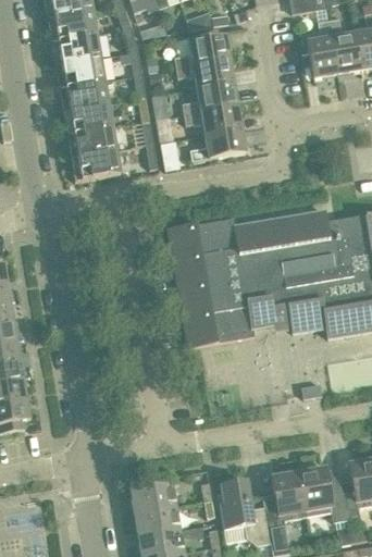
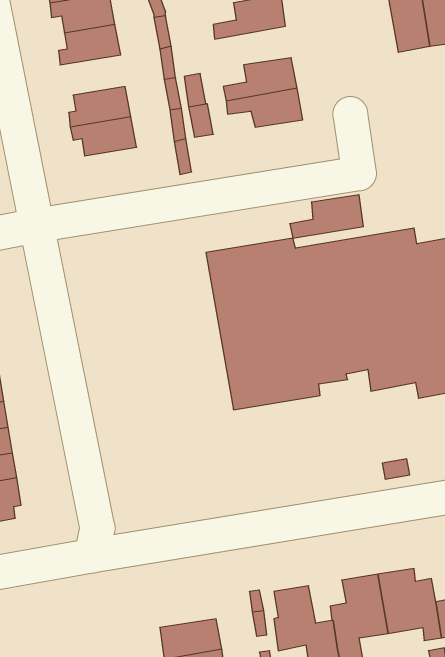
building: [175,58,233,87] -> none
building: [59,79,108,110] -> none
building: [189,128,245,161] -> [290,195,363,238]
building: [73,149,121,181] -> none
building: [129,481,176,511] -> none

